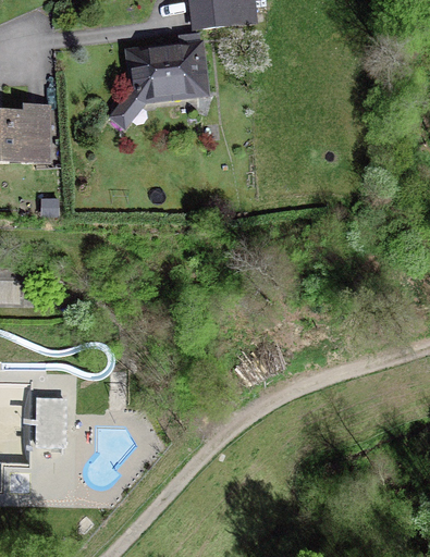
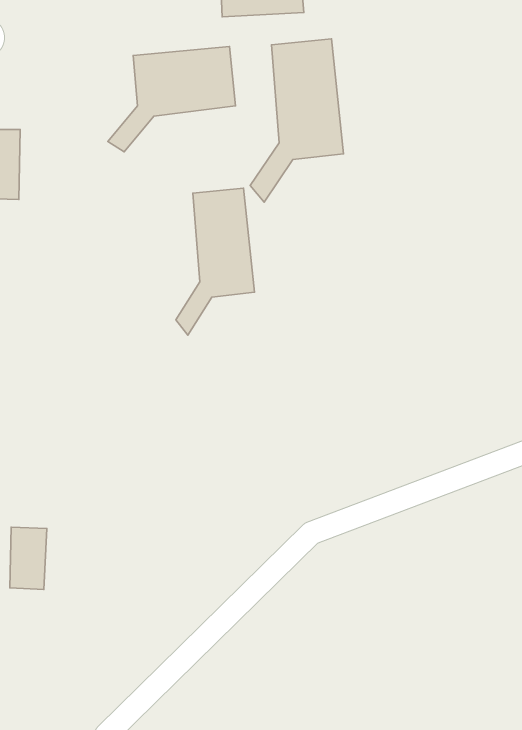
building: none -> [250,39,344,202]
building: none -> [176,188,255,335]

